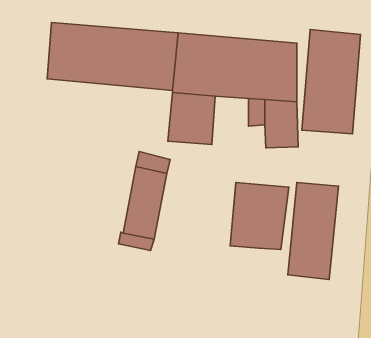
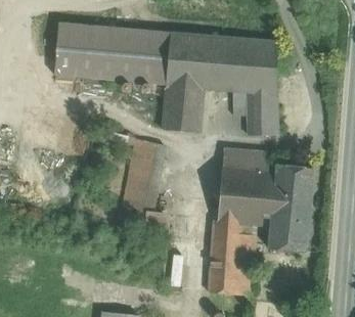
building: [302,30,361,134] -> none
building: none -> [222,147,270,169]
building: none -> [209,220,266,296]

